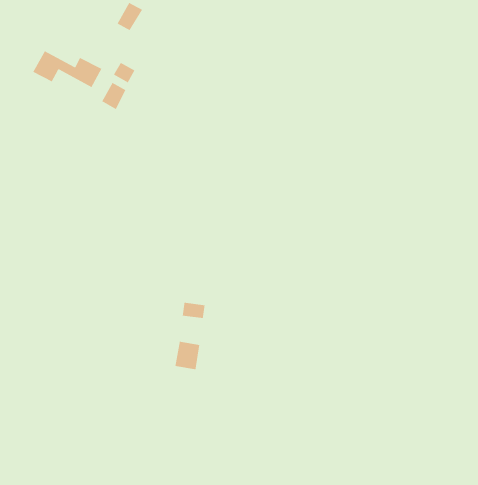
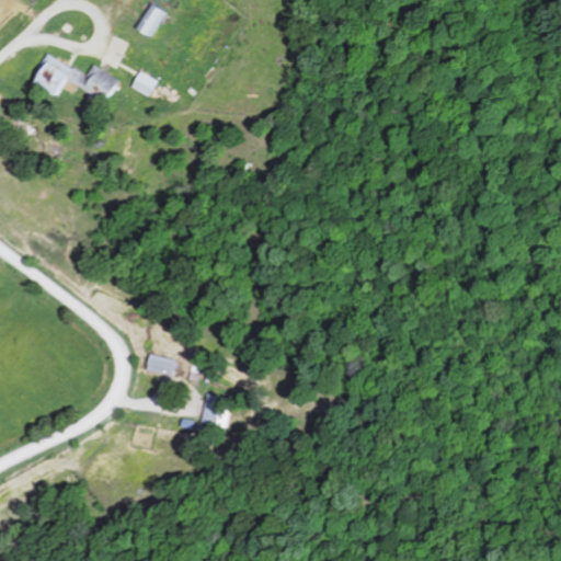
building: [101,82,126,110] -> none
building: [182,302,206,319] -> [148,355,175,375]

